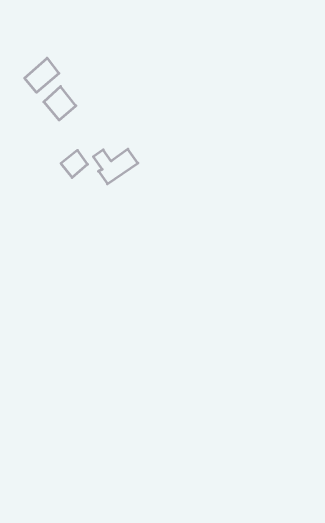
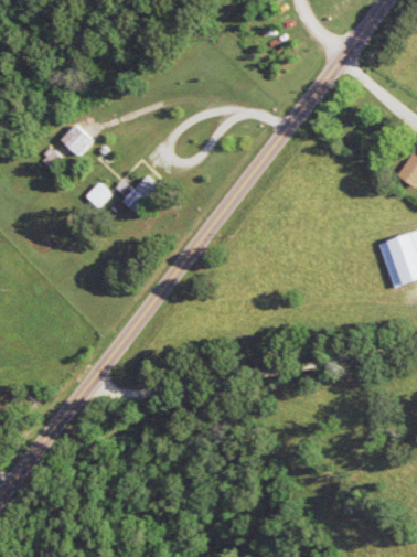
building: [25,58,59,92] -> none

